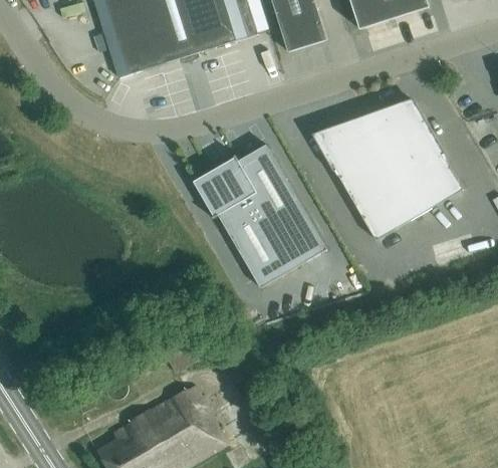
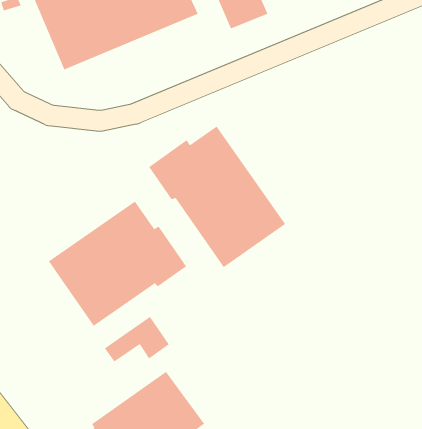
building: [312,96,462,237] -> none
building: none -> [48,200,187,327]

